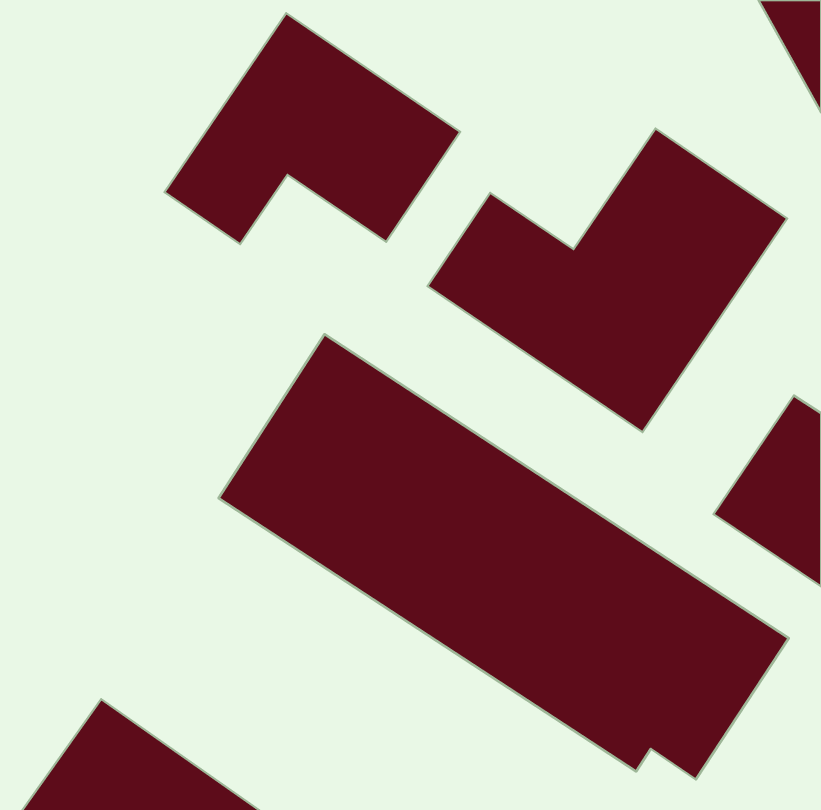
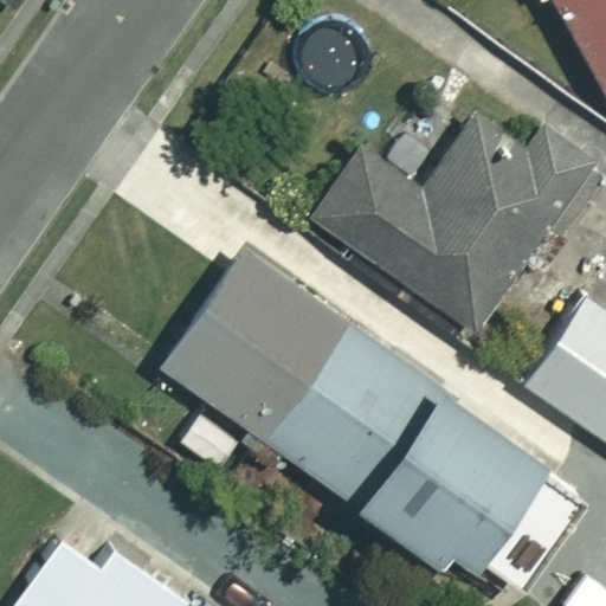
building: [165,13,460,244] -> none

